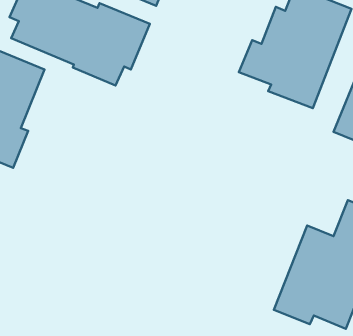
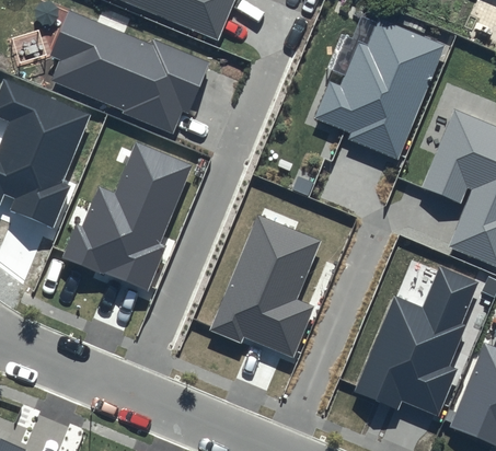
building: none -> [60,142,192,291]
building: none -> [210,215,320,356]

